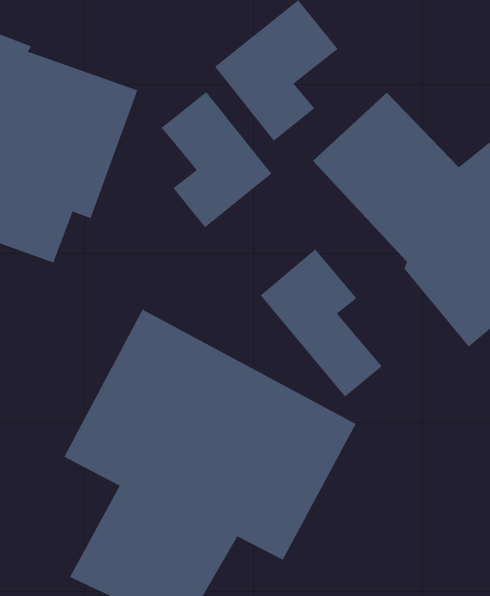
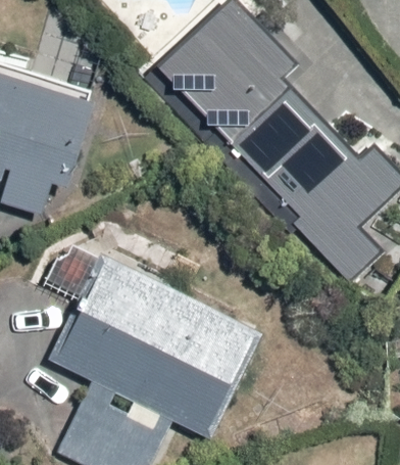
building: [161,91,272,228] -> none
building: [260,248,383,397] -> none

